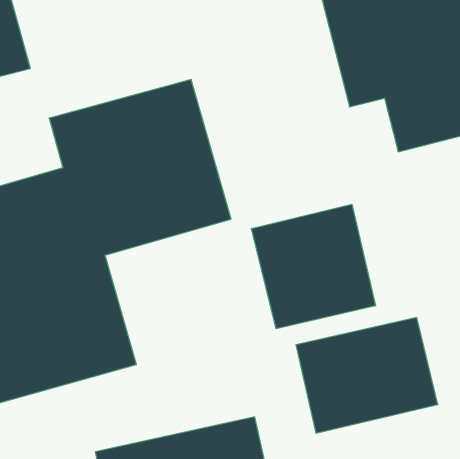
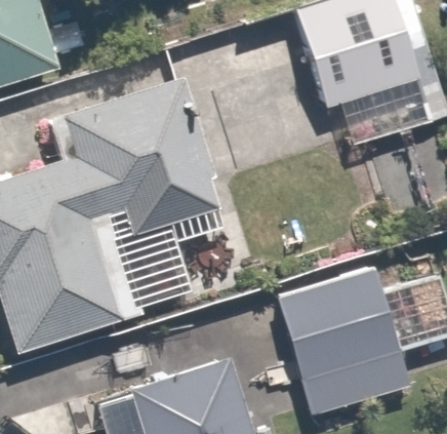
building: [252,204,376,329] -> none

